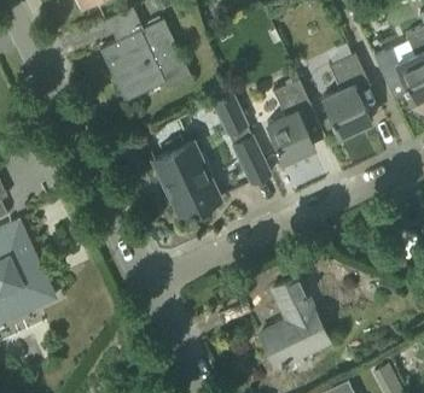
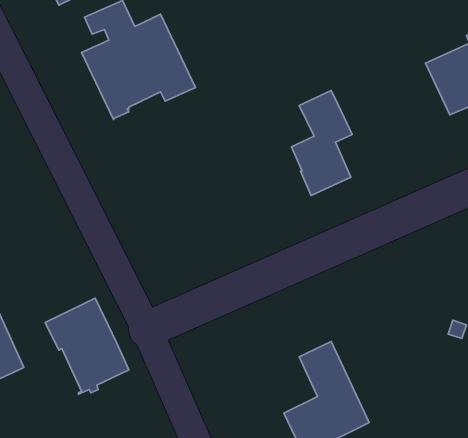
building: [323,45,371,136] -> none
building: [213,93,271,184] -> none
building: [153,142,220,218] -> [45,298,129,394]

